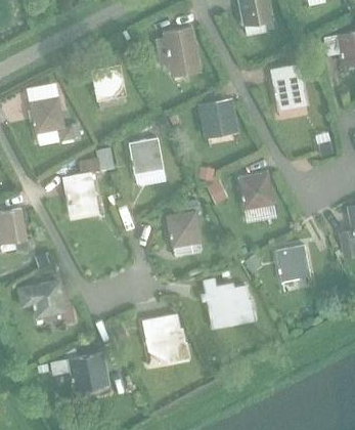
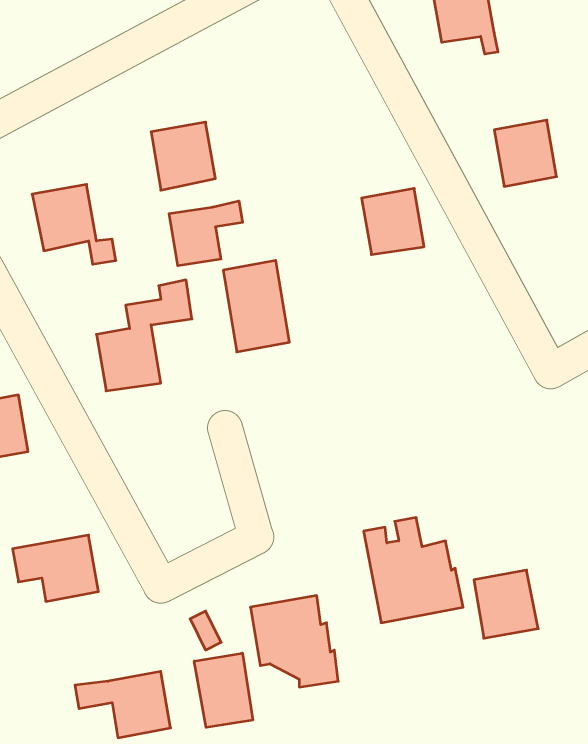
building: [157,29,198,74] -> none
building: none -> [169,201,243,266]
building: [239,173,272,209] -> none
building: [167,200,201,247] -> none
building: [277,246,311,282] -> [474,570,538,638]
building: none -> [194,653,253,727]

